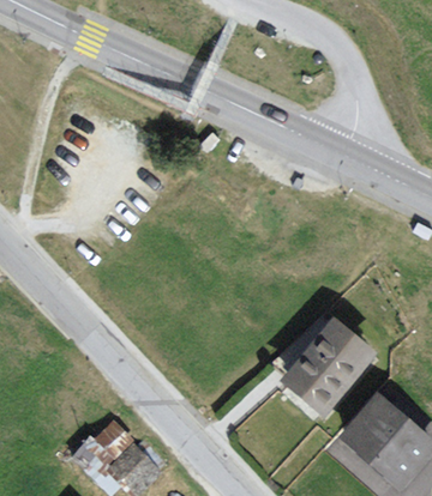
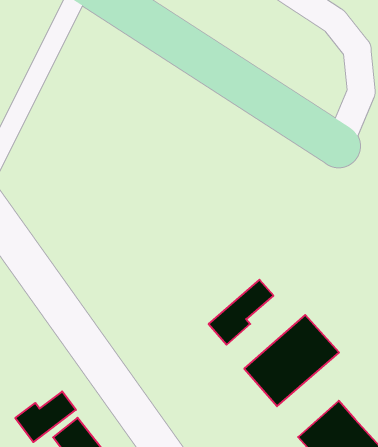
building: none -> [209,280,273,345]

